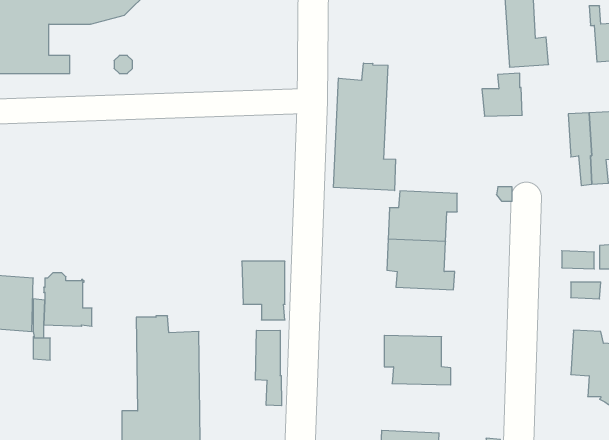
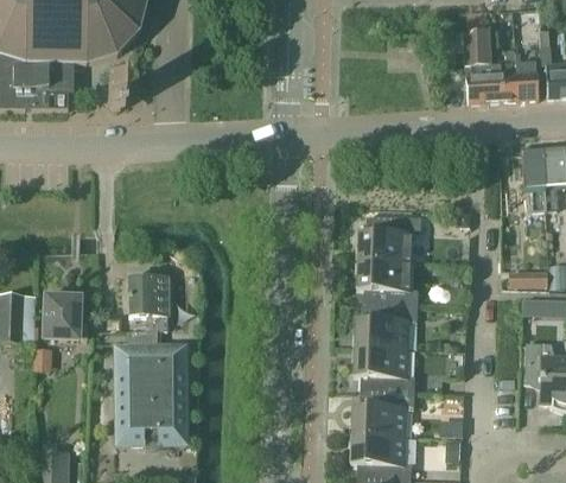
building: [334,63,396,191] -> none
building: [482,73,522,116] -> [502,62,539,101]
building: [242,261,285,320] -> [129,277,168,330]
building: none -> [355,304,418,349]
building: [255,330,282,406] -> none
building: none -> [352,392,415,437]

